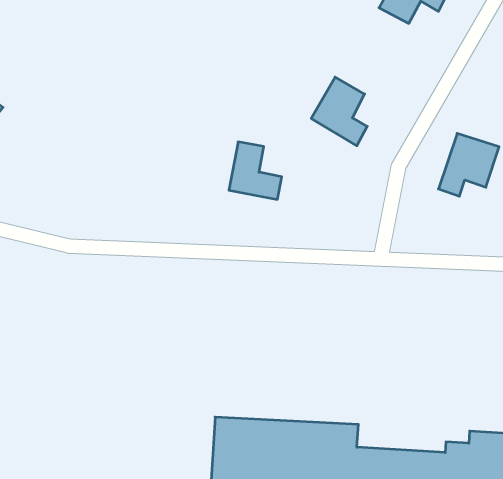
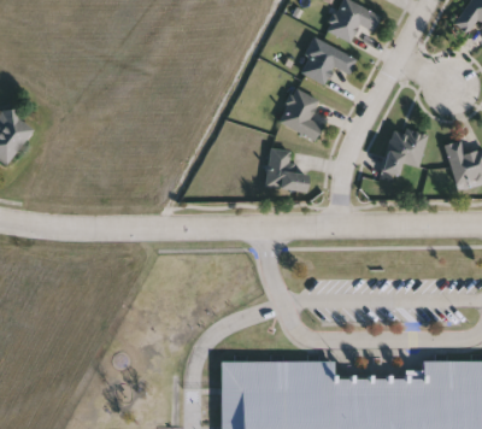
building: none -> [299,39,358,84]
building: [229,142,282,199] -> [266,148,307,192]

